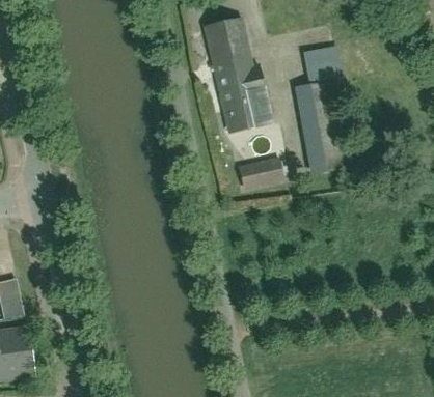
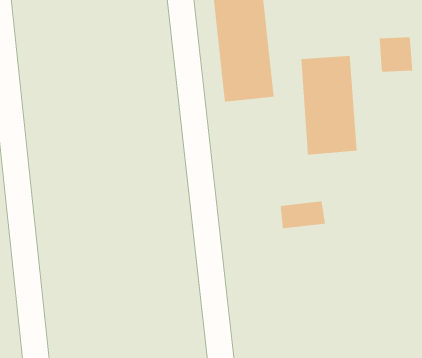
building: [306,45,341,80] -> [379,37,413,72]
building: [239,157,282,186] -> [280,201,326,229]

